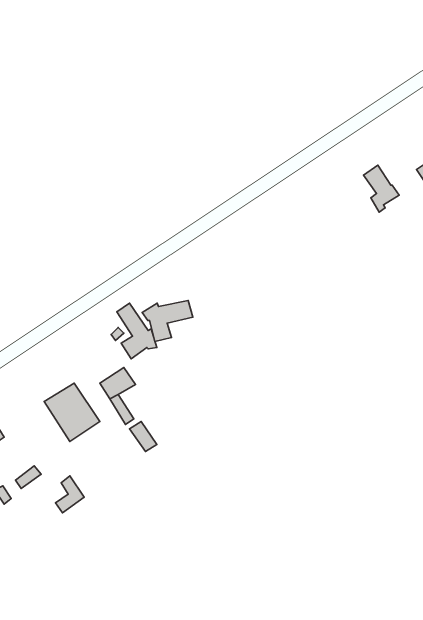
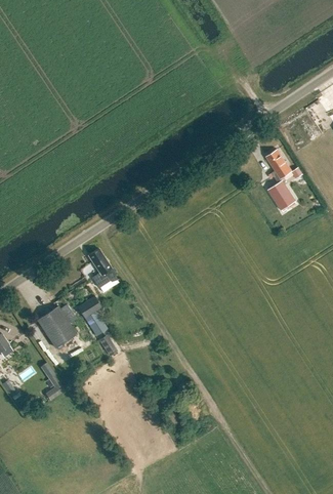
building: none -> [268,179,296,210]
building: [142,300,193,341] -> none

